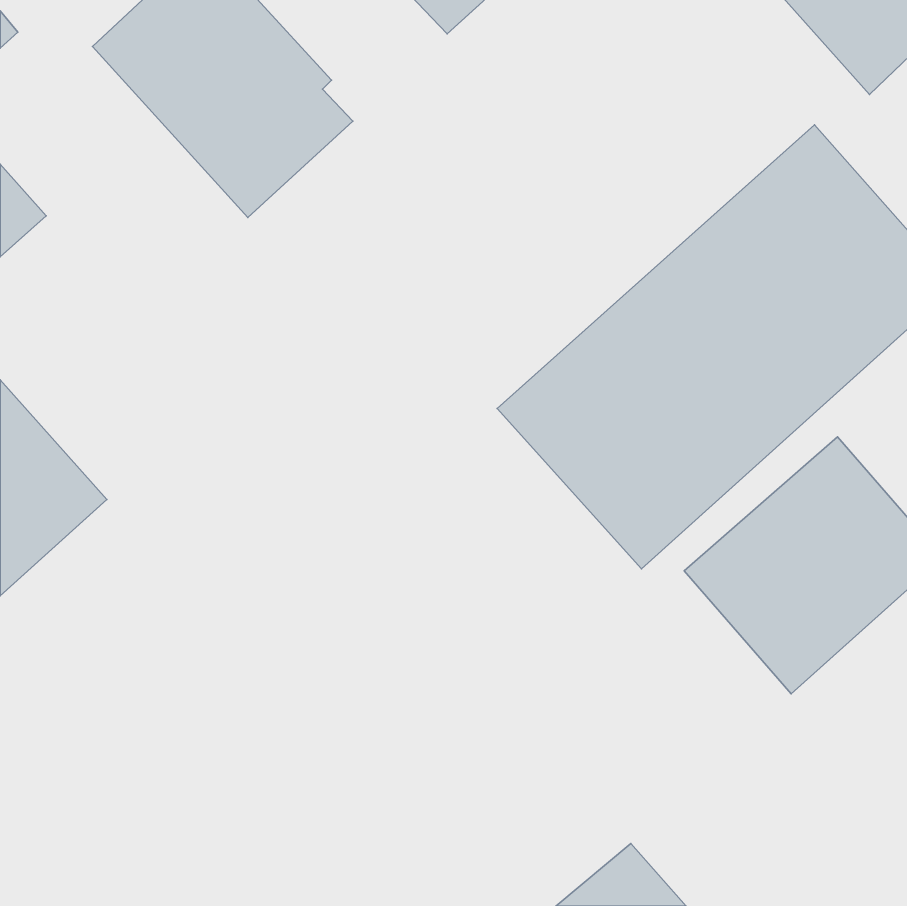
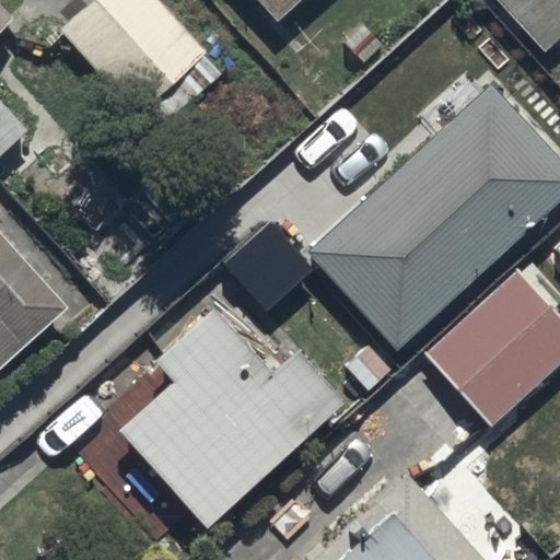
building: none -> [120,308,348,527]

